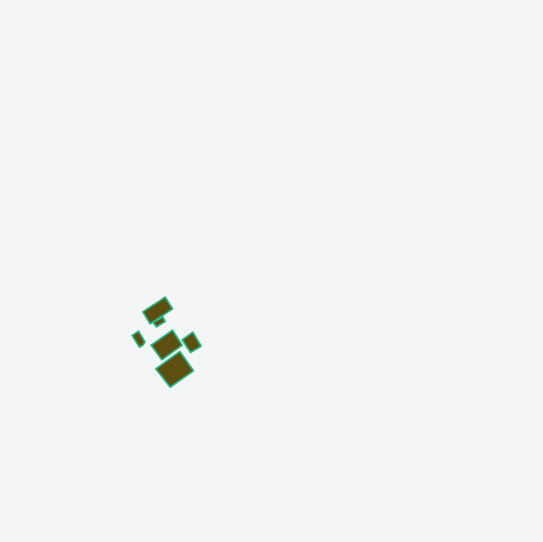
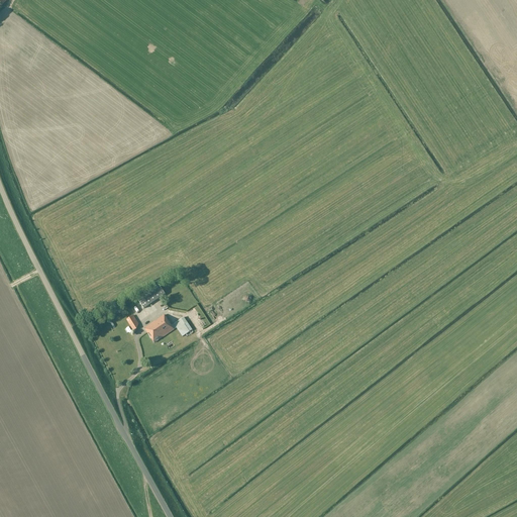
building: [156,351,194,387] -> none

